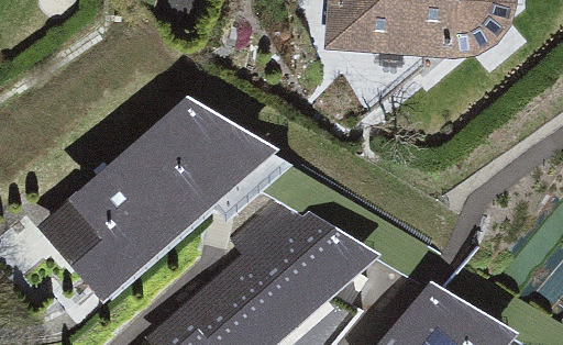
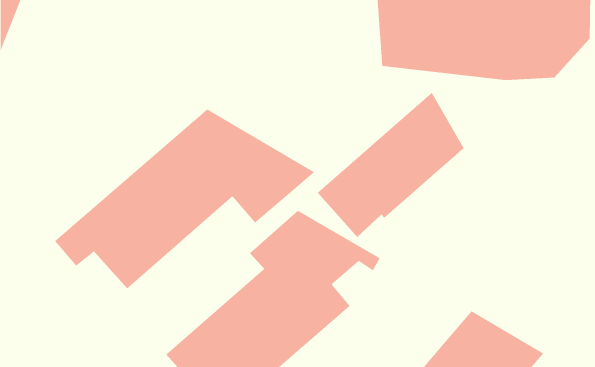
building: none -> [317,92,465,238]

